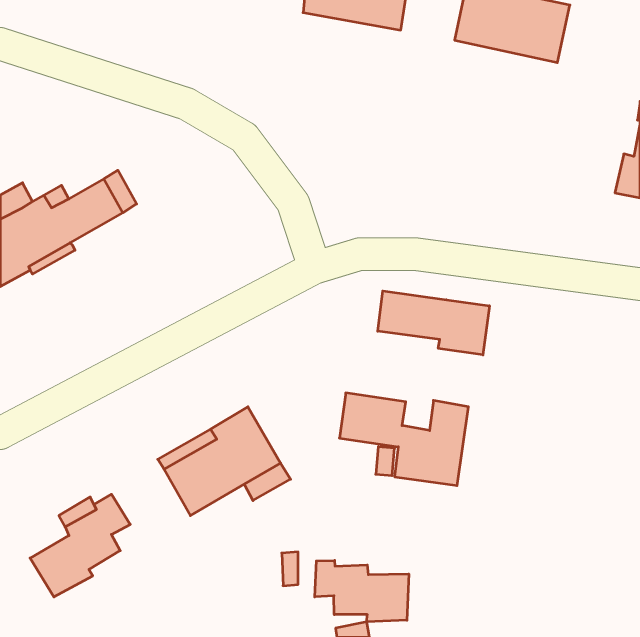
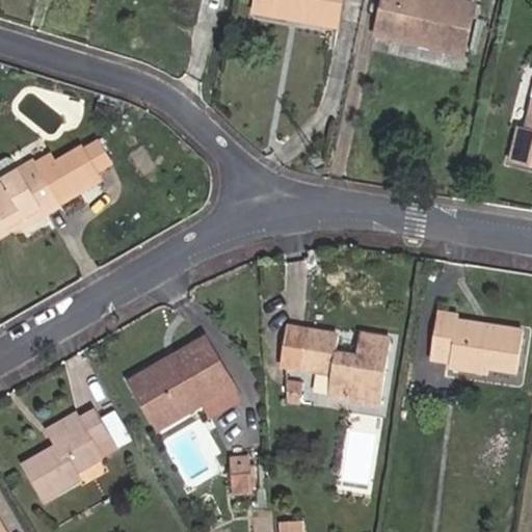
building: [378,291,489,355] -> none
building: none -> [429,311,522,372]
building: [315,560,409,622] -> none

